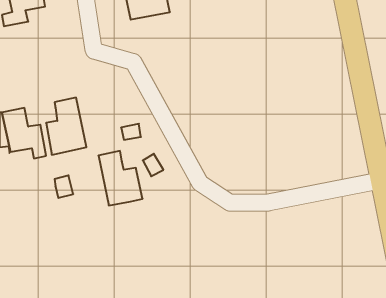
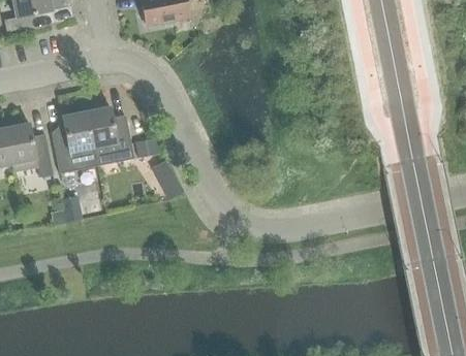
building: [98,151,143,205] -> [86,105,134,165]

